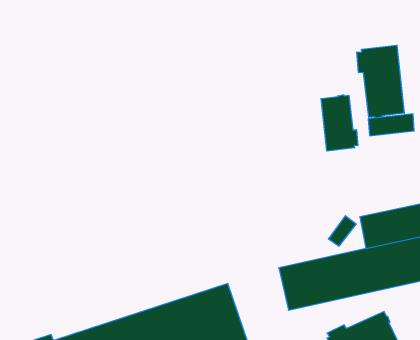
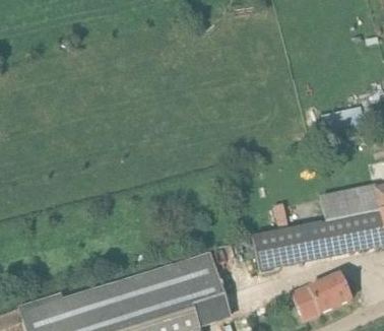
building: [357,45,404,118] -> none
building: [321,95,358,151] -> none

